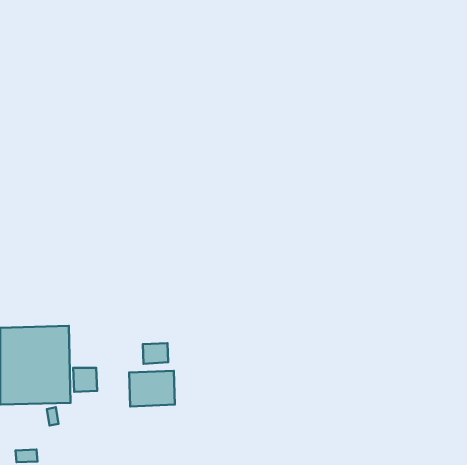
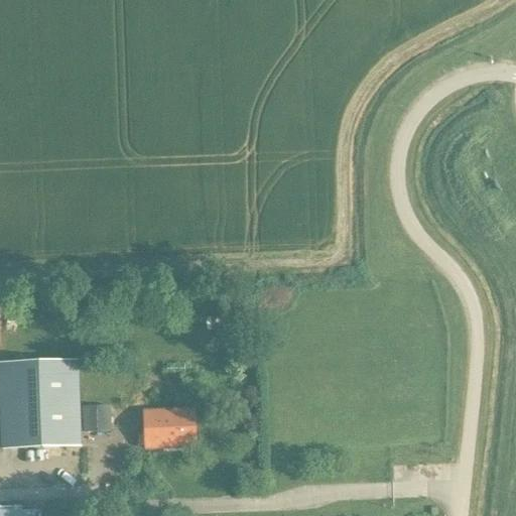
building: [143,343,168,364] -> none

